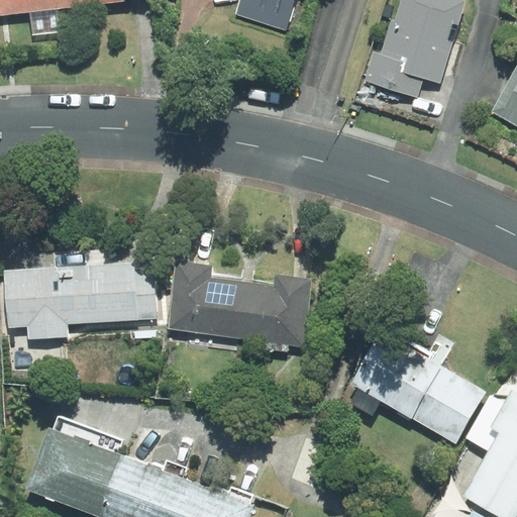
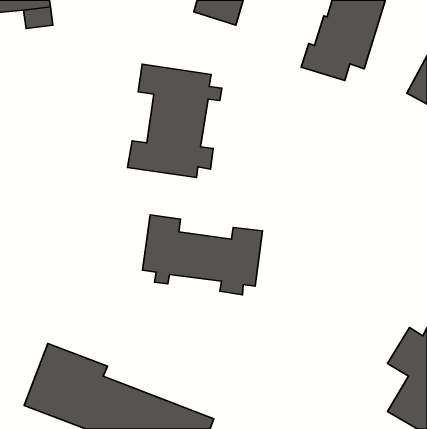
building: none -> [127,64,222,178]
building: [5,244,143,338] -> none
building: [350,310,489,445] -> none

